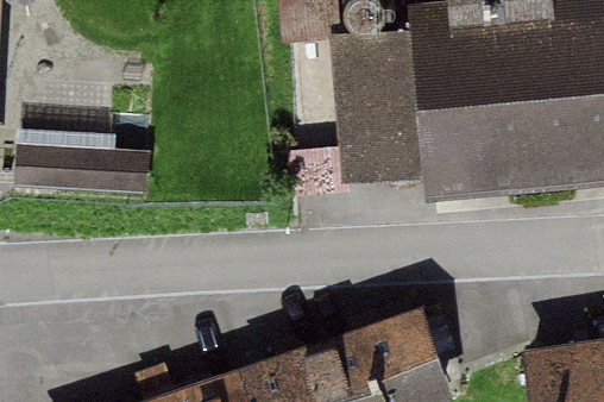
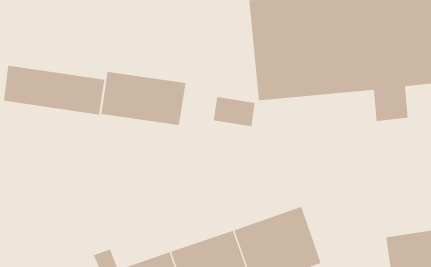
building: none -> [101,71,186,126]

